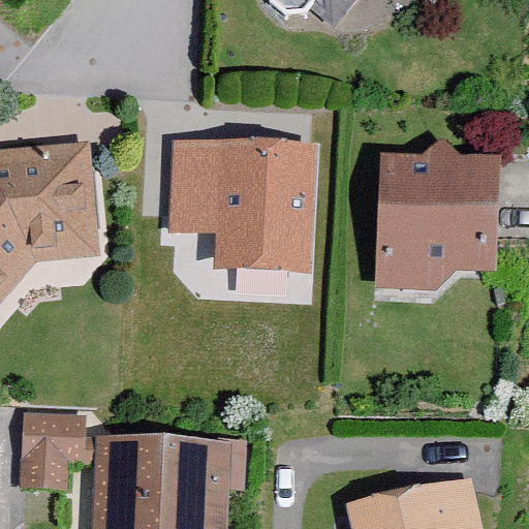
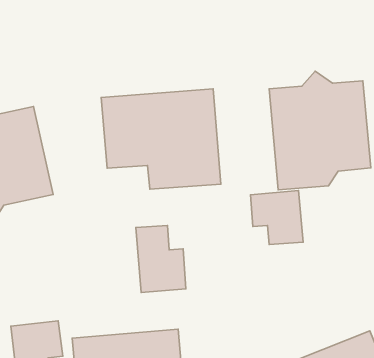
building: none -> [250,190,303,245]
building: none -> [136,226,186,293]

